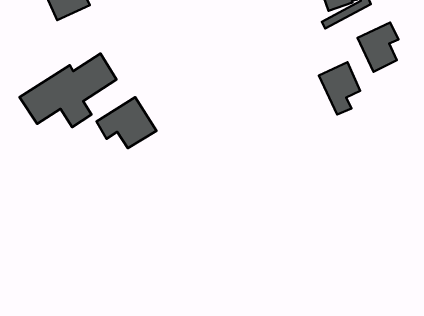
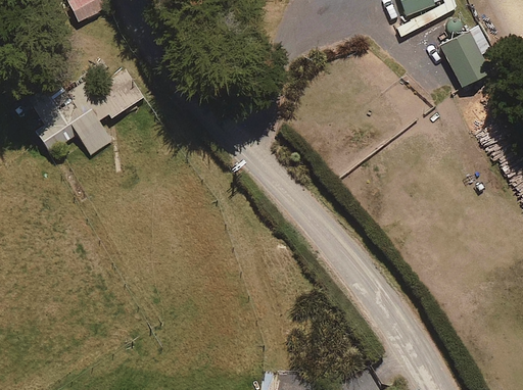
building: [319,62,360,115] -> none
building: [96,97,157,148] -> none

